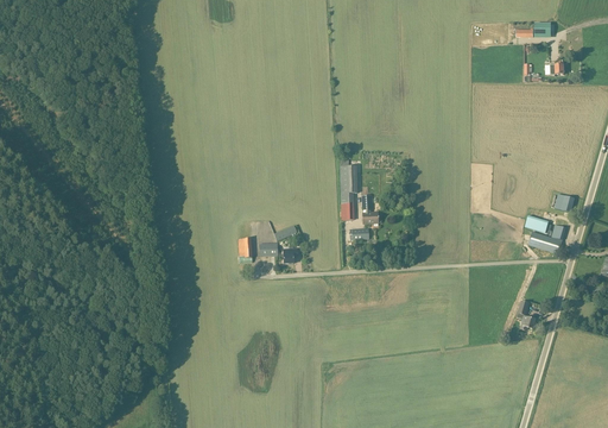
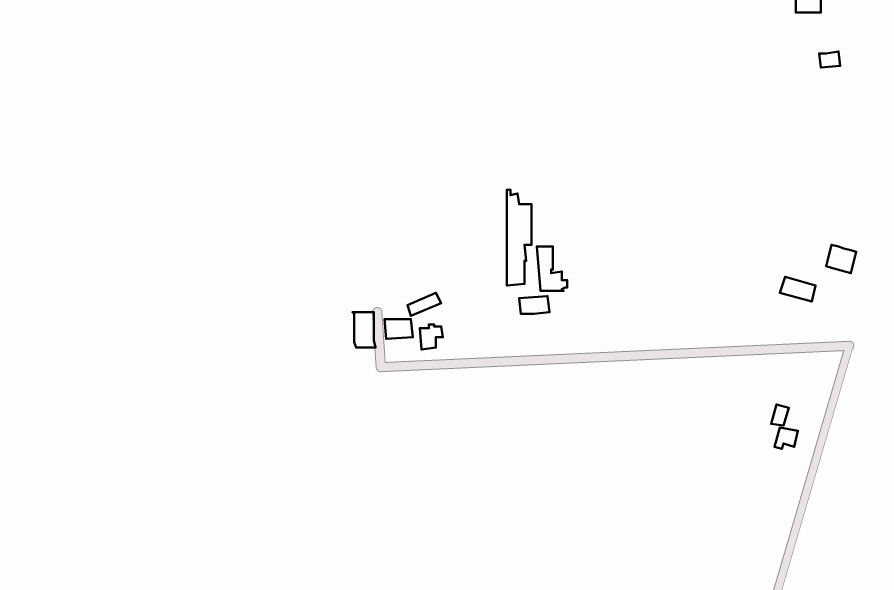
building: [526,224,565,253] -> none

